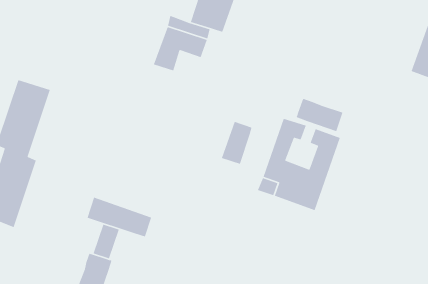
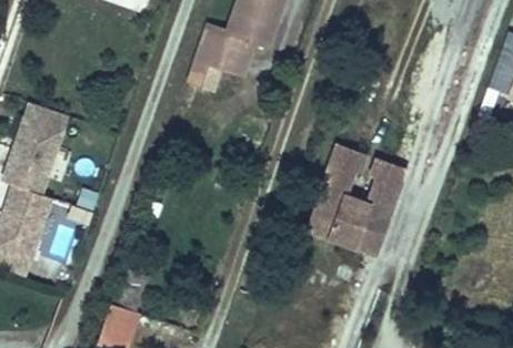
building: [295,98,343,132] -> none
building: [221,121,253,165] -> none
building: [87,196,152,237] -> none

